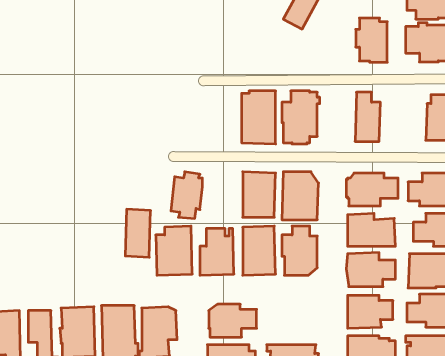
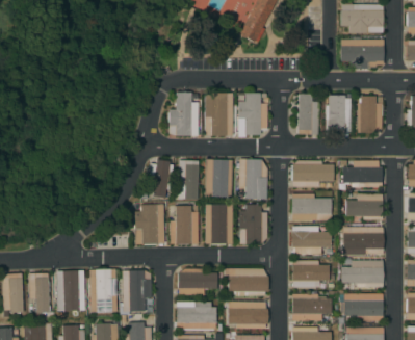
building: [356,18,387,62] -> [326,96,352,132]
building: none -> [170,93,199,136]
building: [125,209,151,257] -> [178,160,199,200]
building: none -> [225,268,268,296]

